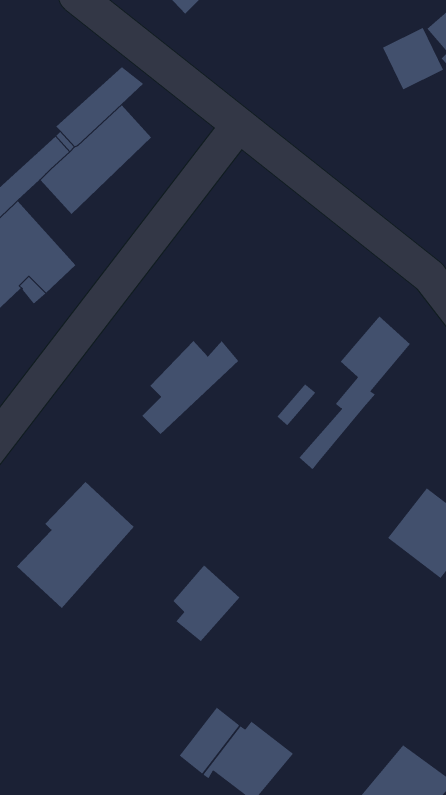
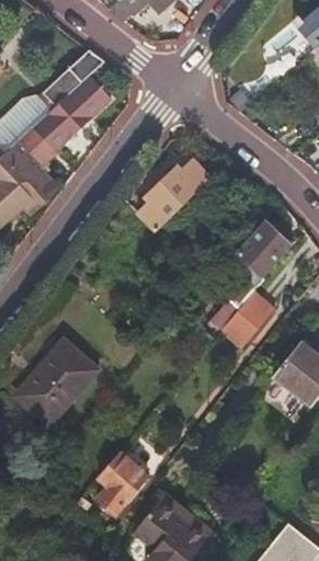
building: [141,340,239,435] -> [140,163,208,229]
building: none -> [226,286,278,342]
building: [172,564,240,642] -> [99,453,146,506]

